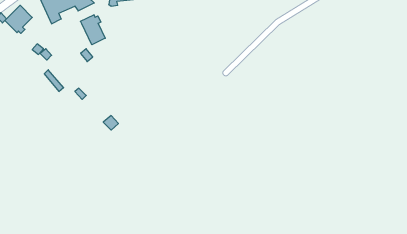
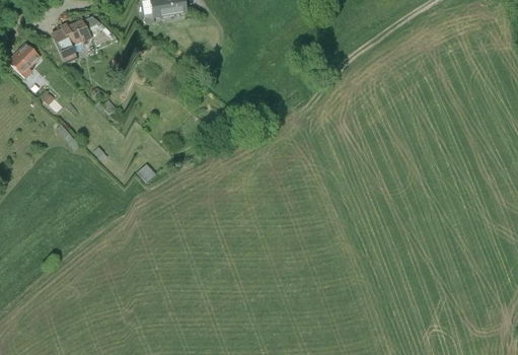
building: [80,15,105,45] -> none

